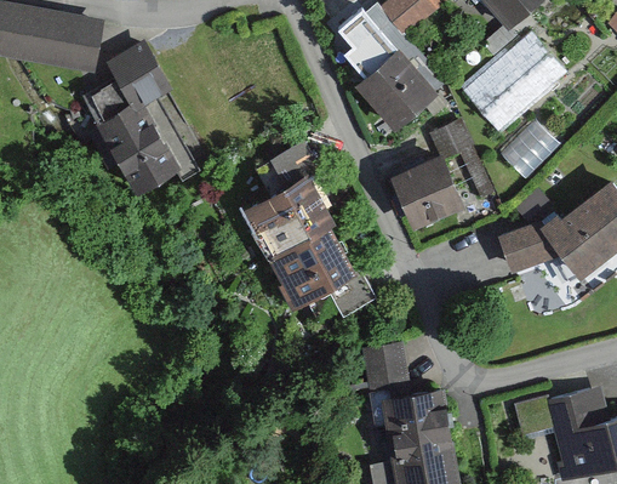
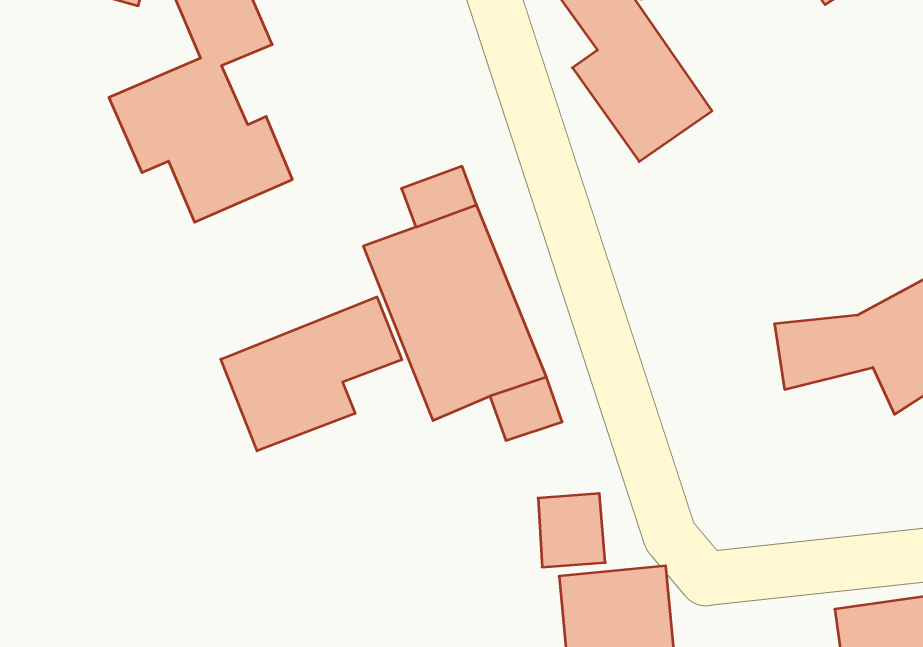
building: [463,35,566,135] -> none
building: [504,118,560,172] -> none
building: [395,120,489,222] -> none
building: none -> [221,297,402,451]

